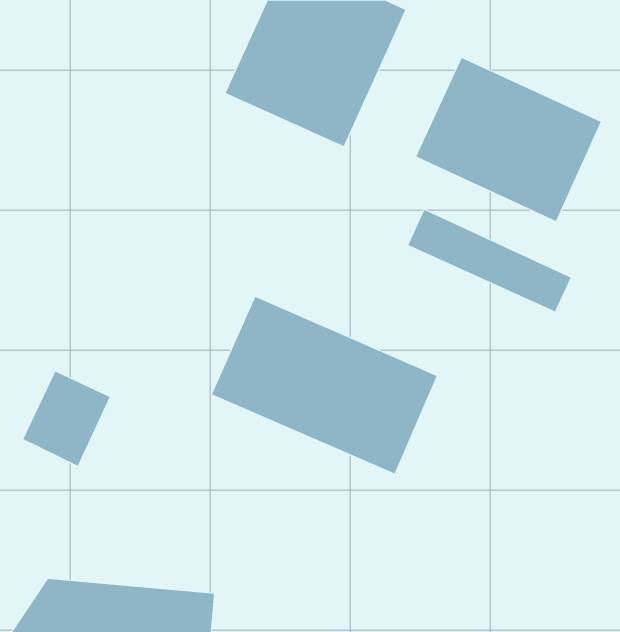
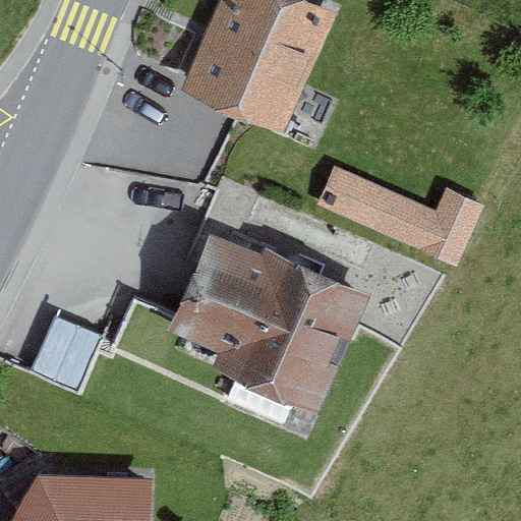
building: [415,57,602,222] -> none

